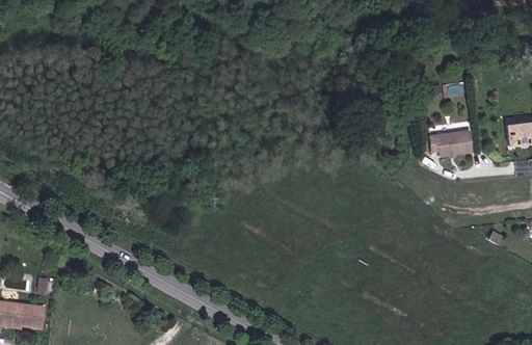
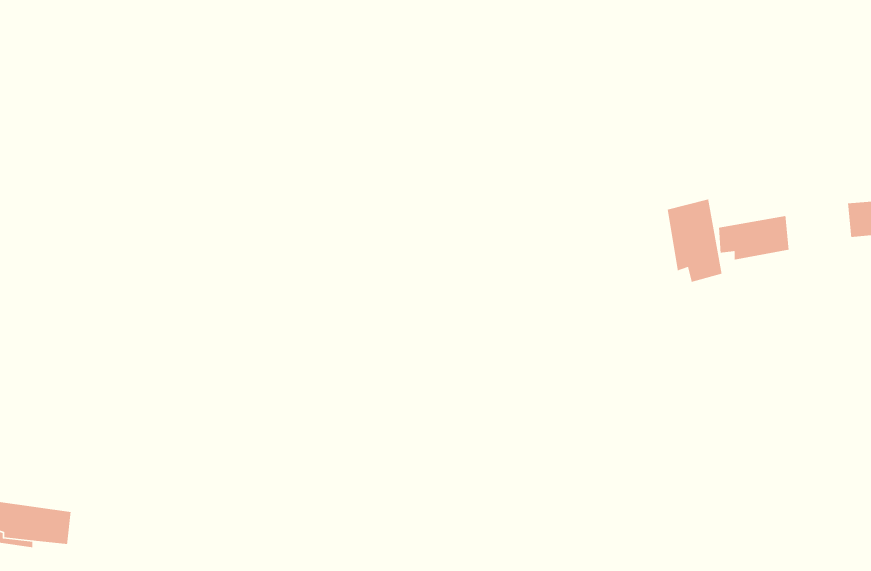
building: none -> [667,199,722,283]

